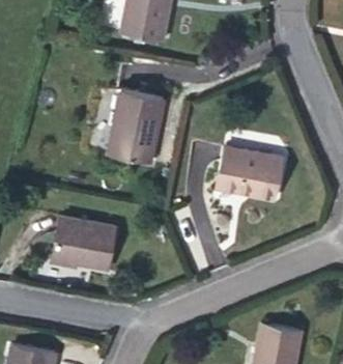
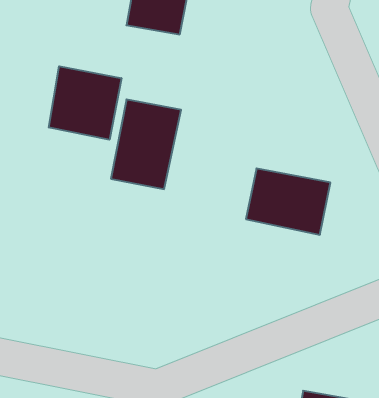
building: none -> [49,66,121,140]
building: [51,218,117,271] -> none

